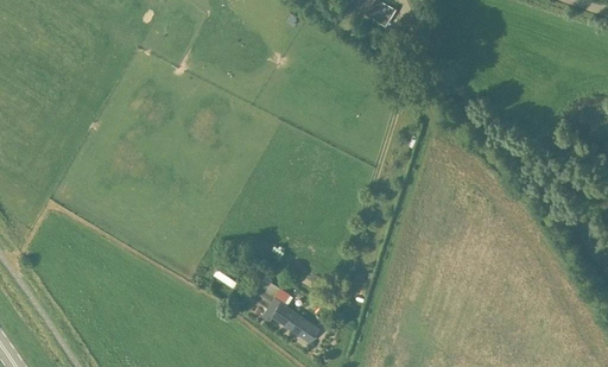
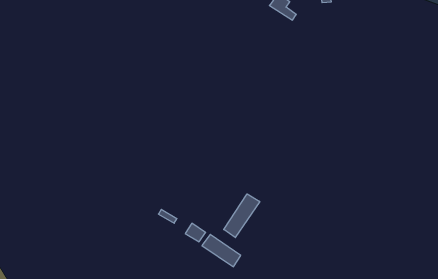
building: none -> [224,194,260,238]

